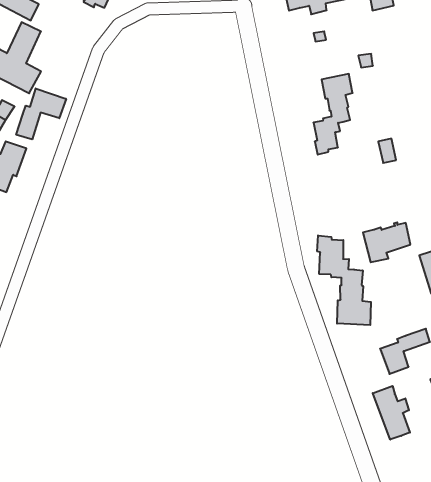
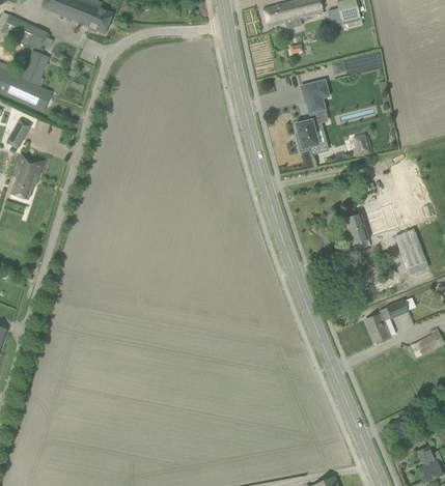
building: [16,88,66,139] -> none
building: [317,235,371,325] -> none
building: [373,386,410,440] -> none

